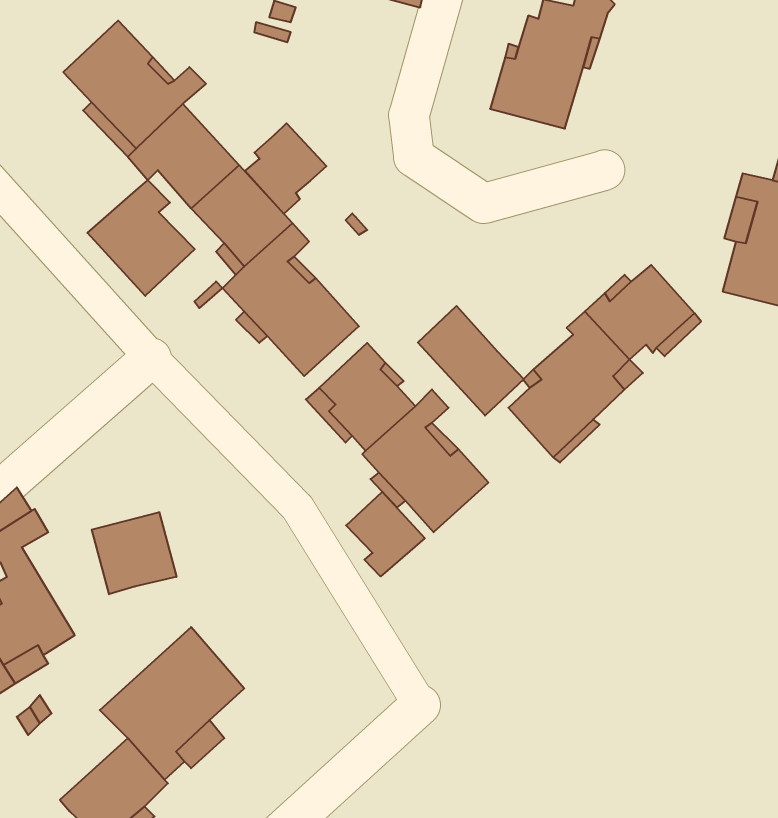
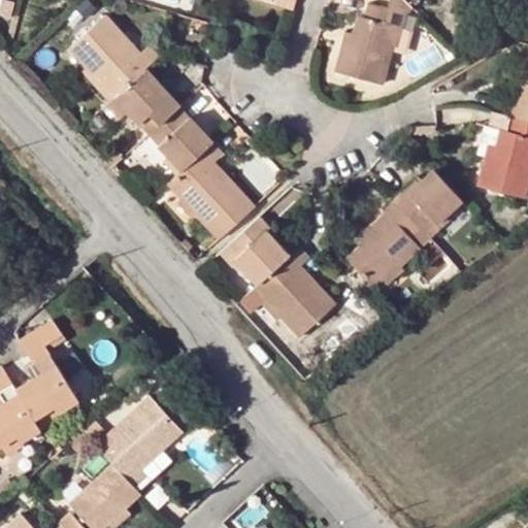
building: [245,123,326,214] -> none
building: [87,180,195,296] -> none
building: [418,306,524,416] -> none
building: [346,492,425,576] -> none
building: [92,512,176,594] -> none

